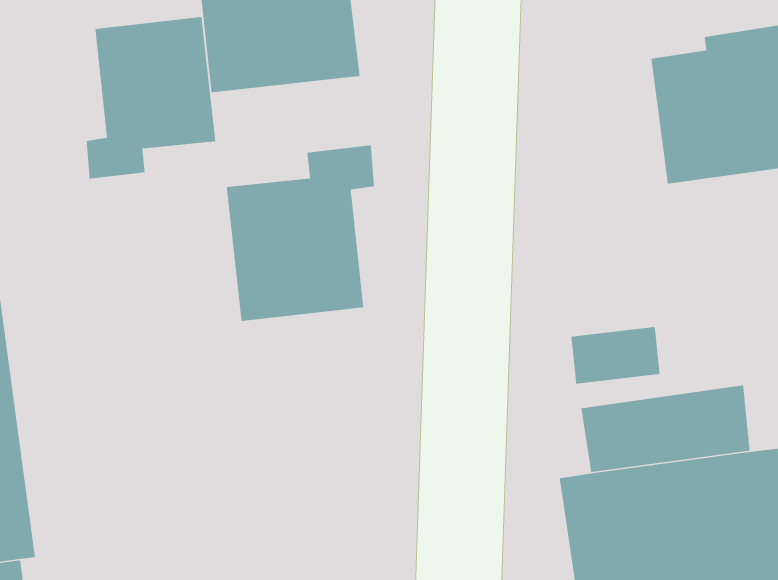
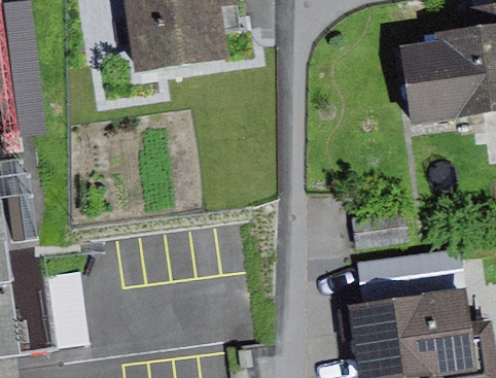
building: [86,16,216,180] -> none
building: [226,144,375,322] -> none

